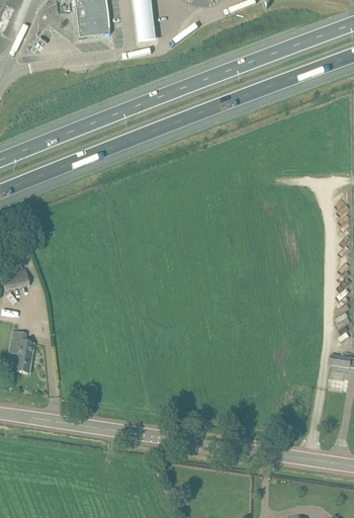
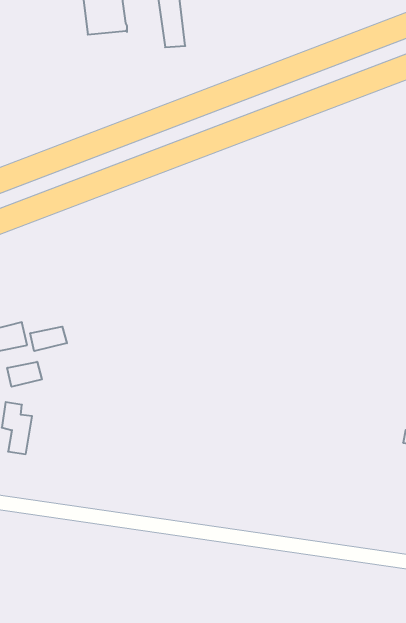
building: none -> [30,327,67,351]
building: none -> [7,362,42,387]

